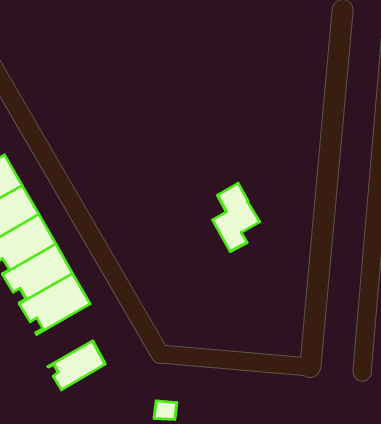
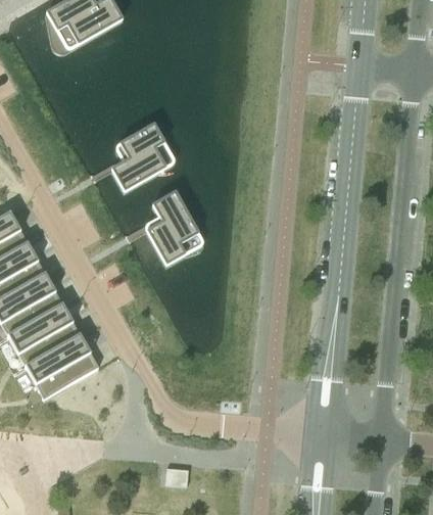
building: none -> [112,126,165,190]
building: [213,183,260,251] -> [149,192,198,263]
building: [48,341,105,390] -> none

